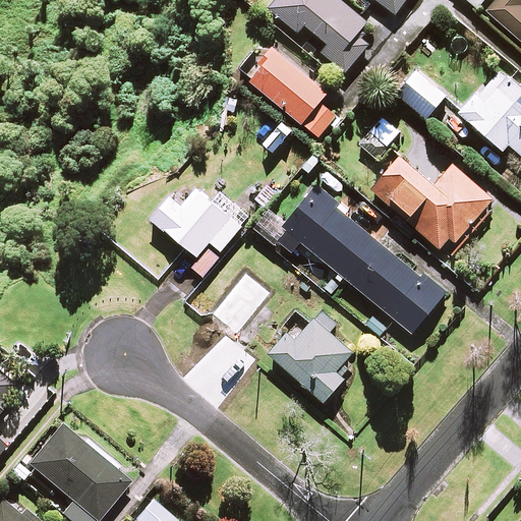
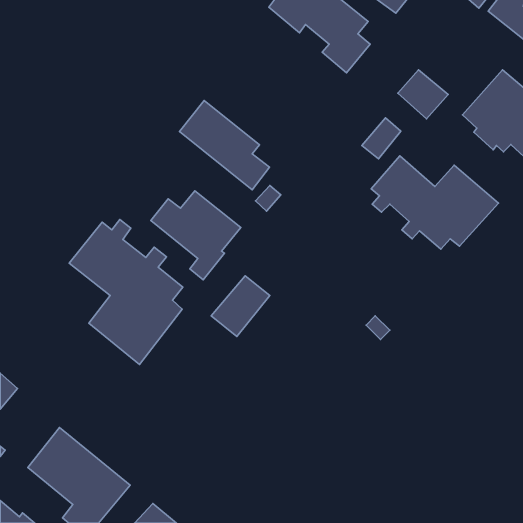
building: [246,49,336,137] -> [179,101,270,190]
building: [276,184,442,333] -> none
building: none -> [69,220,183,364]
building: [268,310,352,401] -> none

